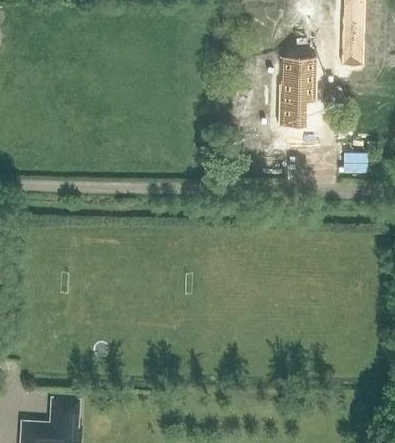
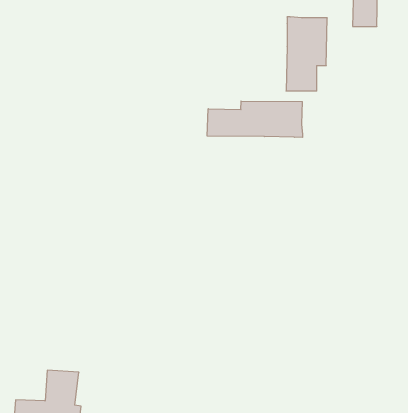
building: none -> [207,101,303,137]

